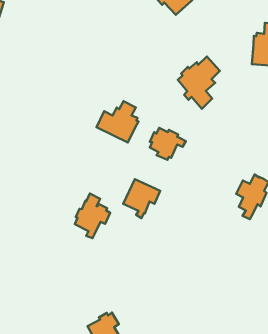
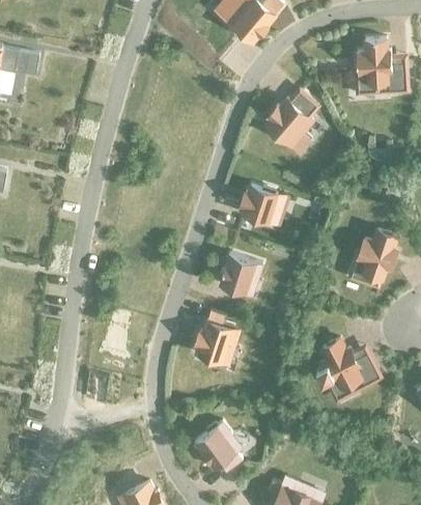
building: [97,101,138,142] -> none
building: [75,193,110,238] -> [196,312,237,367]
building: none -> [315,340,380,391]

